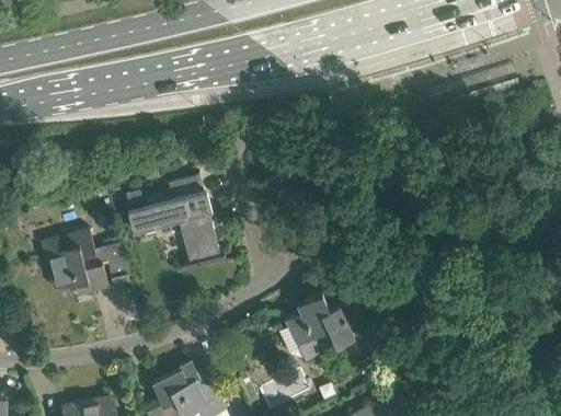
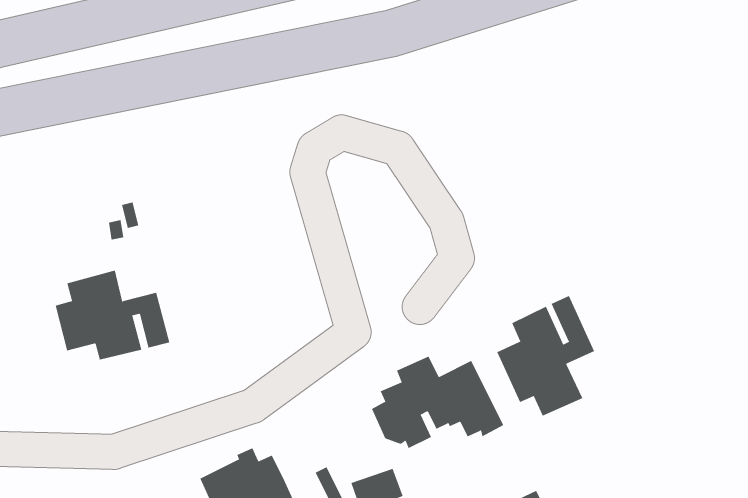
building: [126,173,225,268] -> none
building: none -> [496,295,595,416]

